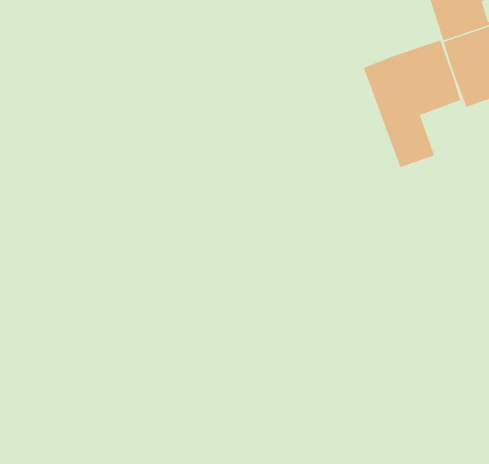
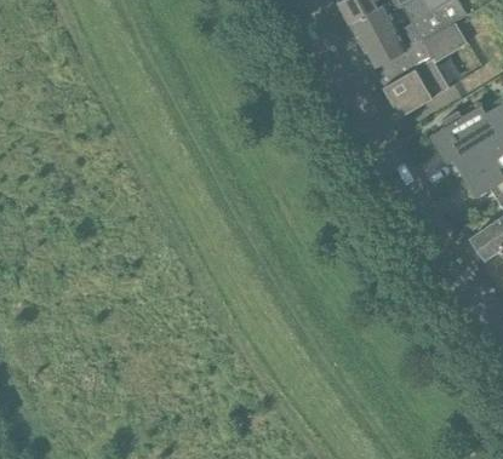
building: [363,40,461,168] -> none

